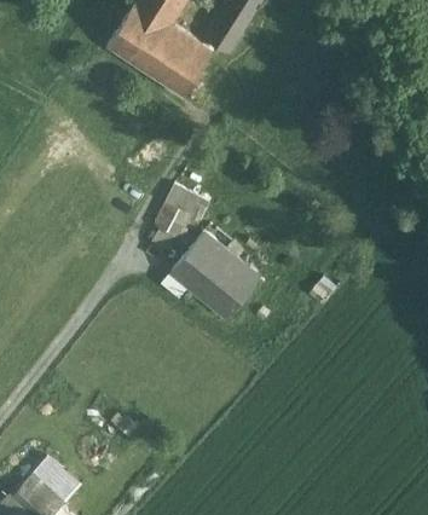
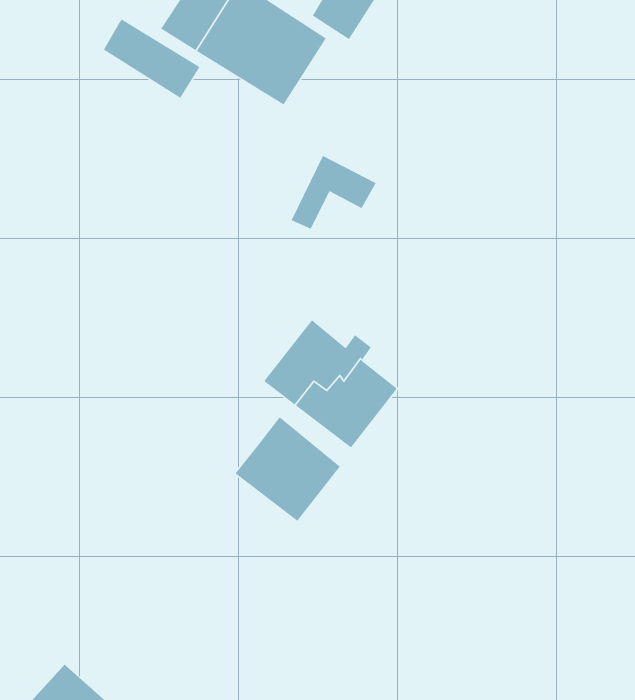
building: none -> [103,18,201,99]
building: [154,185,209,233] -> [291,155,377,230]
building: none -> [235,416,341,522]

